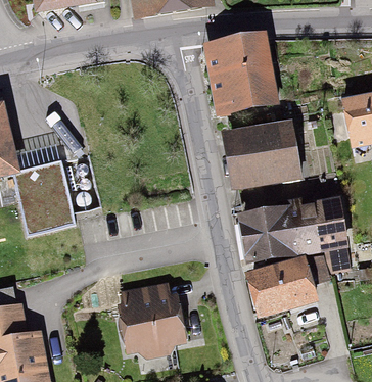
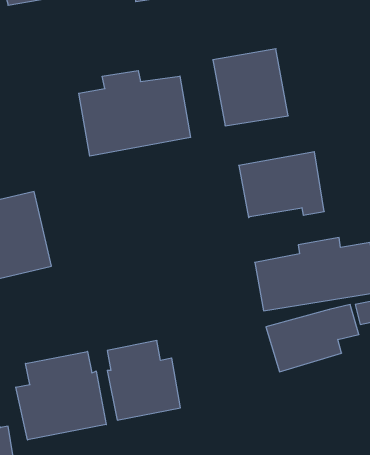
building: none -> [79,71,191,156]
building: none -> [16,351,106,440]

